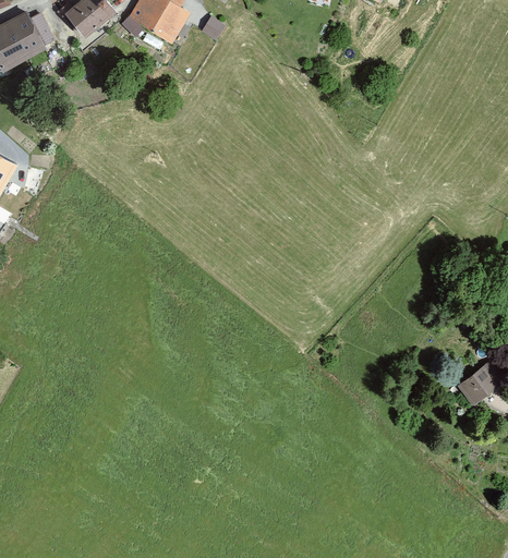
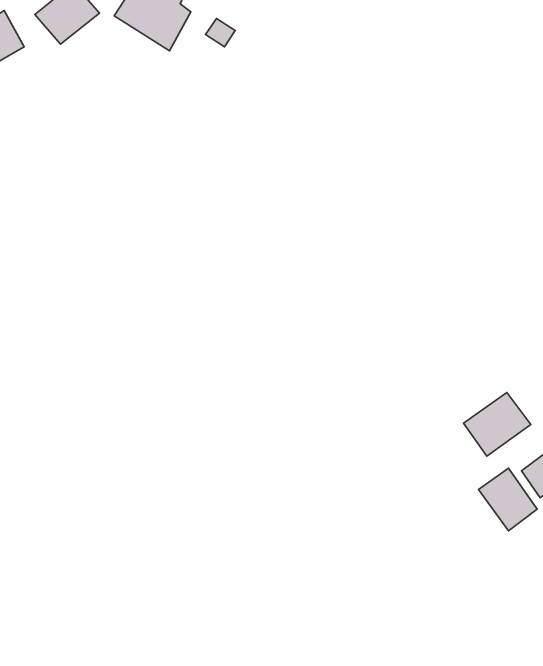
building: none -> [463,393,531,456]
building: none -> [478,468,537,531]

